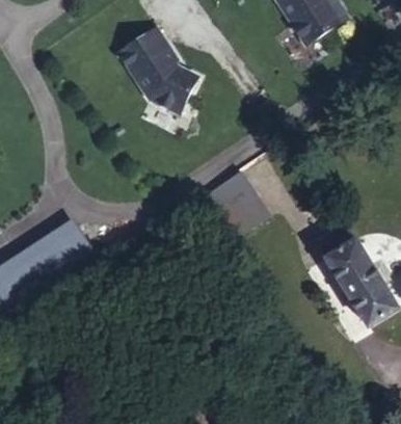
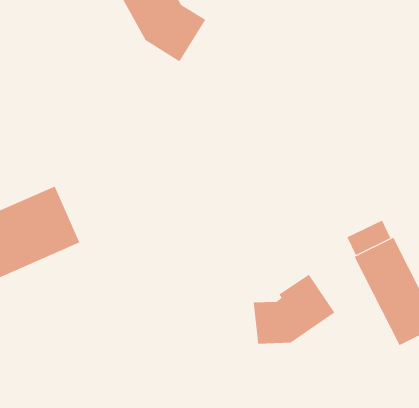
building: [206,173,268,239] -> none
building: none -> [253,274,335,345]

